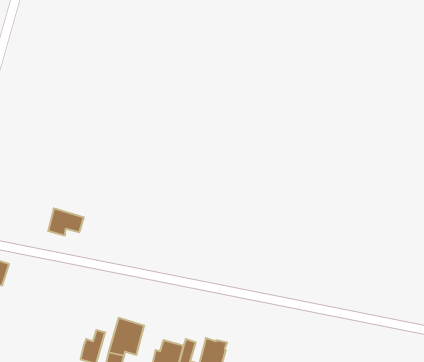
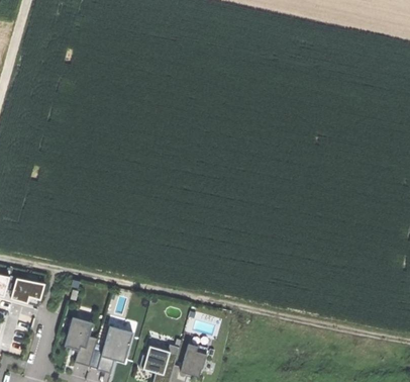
building: [48,208,84,235] -> [12,277,44,301]
building: none -> [64,317,93,350]

